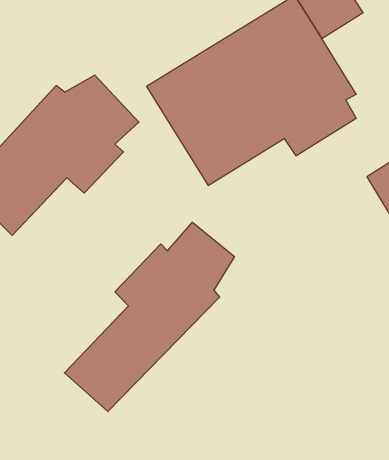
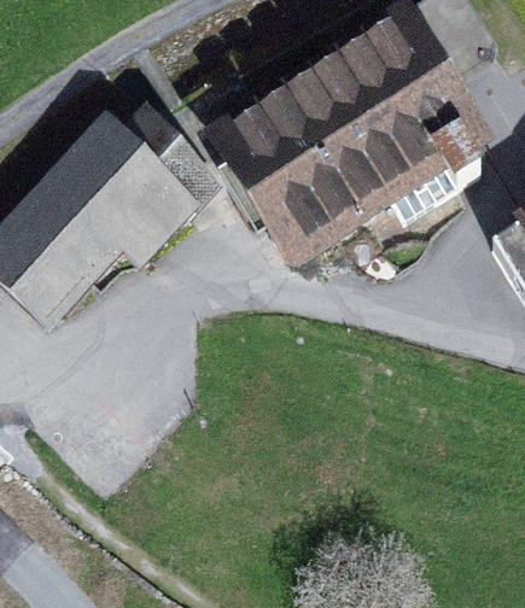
building: [64,222,234,412] -> none

